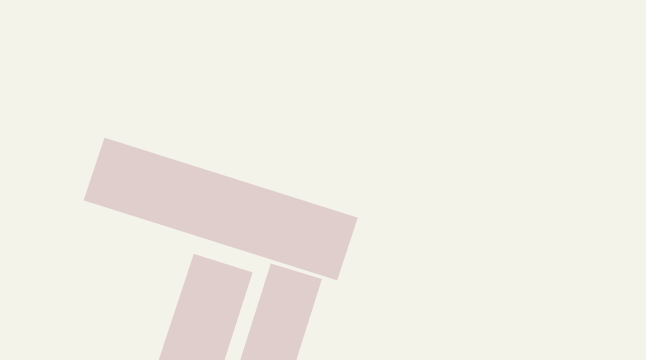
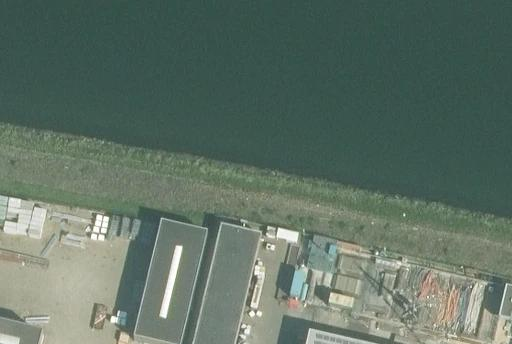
building: [83,137,358,281] -> none

